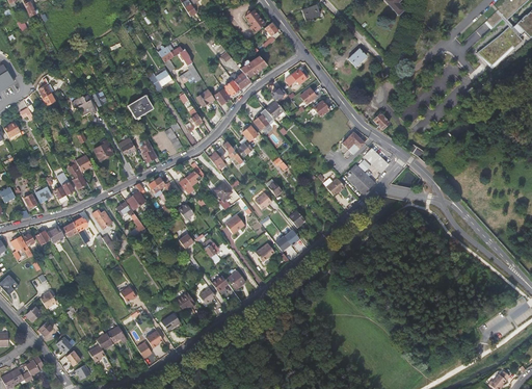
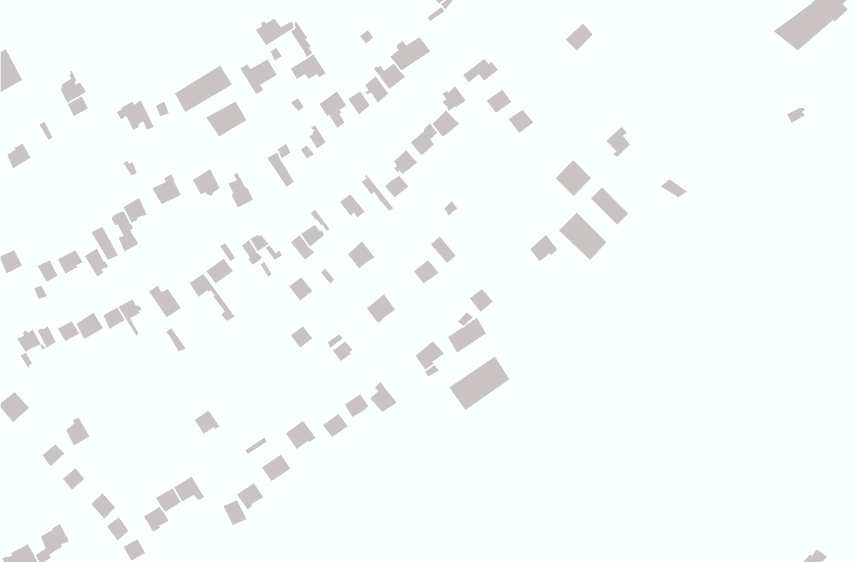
building: none -> [174,65,233,113]
building: none -> [448,356,510,411]

